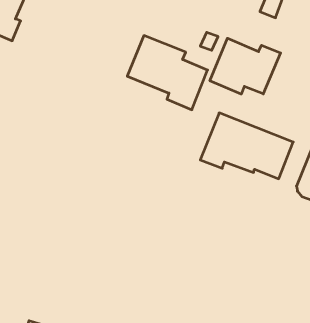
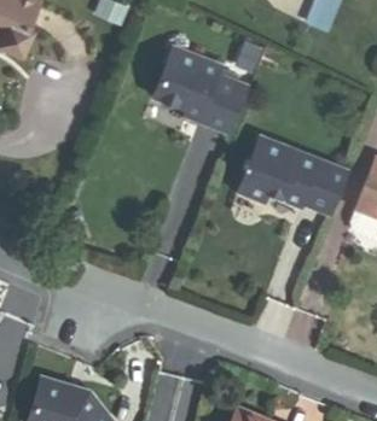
building: [210,38,281,94] -> none

